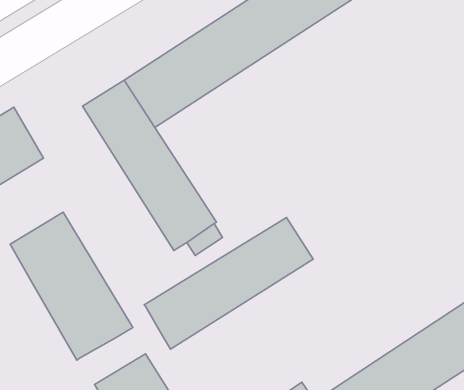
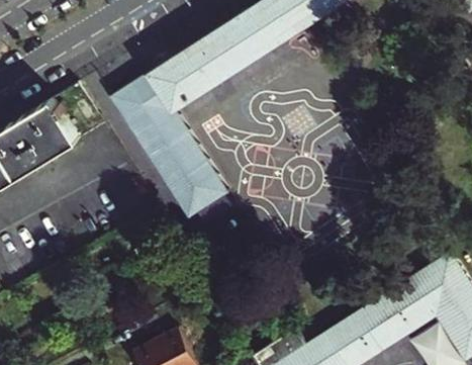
building: [10,212,133,360] -> none
building: [144,218,313,349] -> none

